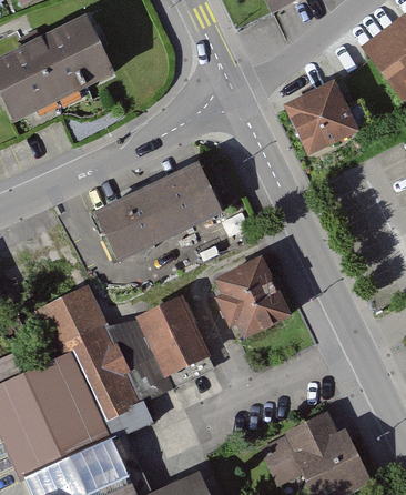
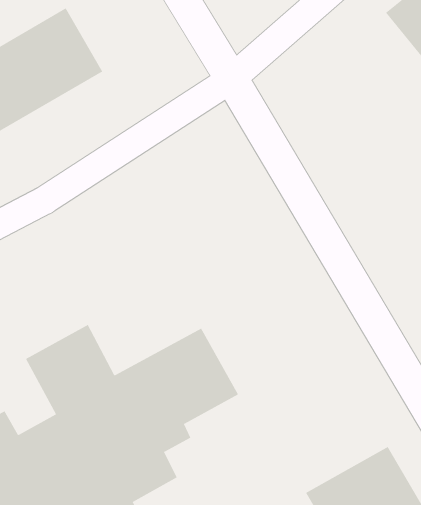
building: [284,81,359,154] -> none
building: [97,163,224,259] -> none
building: [213,256,292,337] -> none

